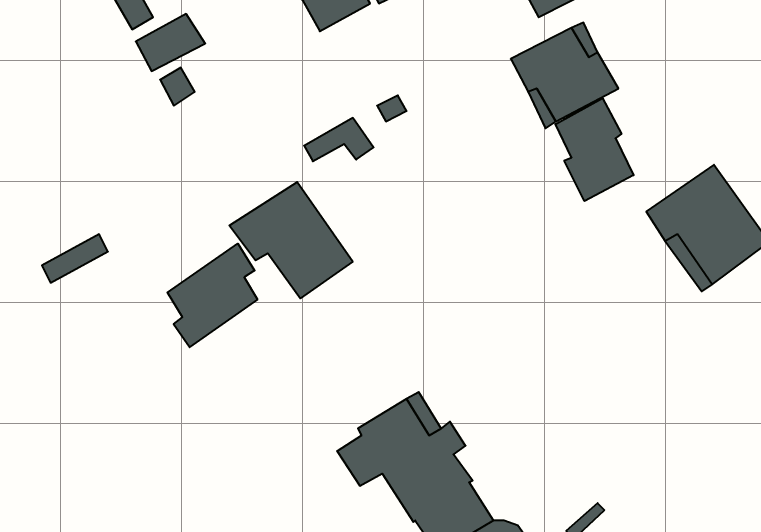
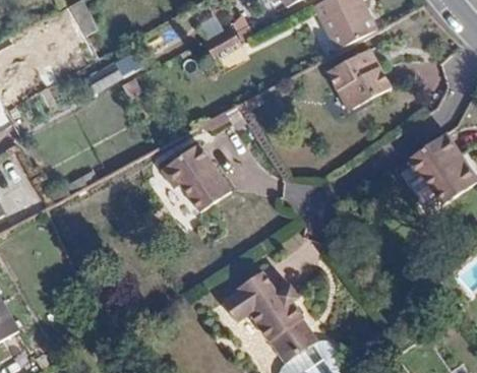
building: [555,98,634,201] -> none
building: [167,244,257,347] -> none

